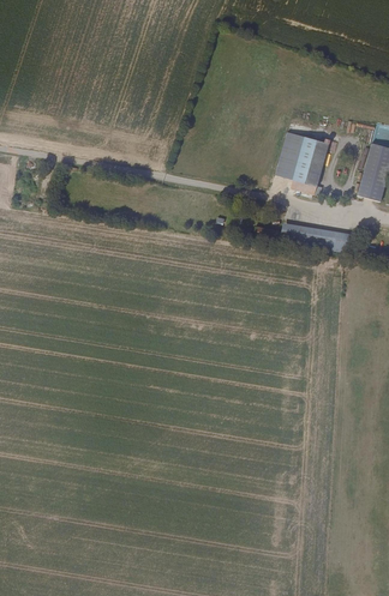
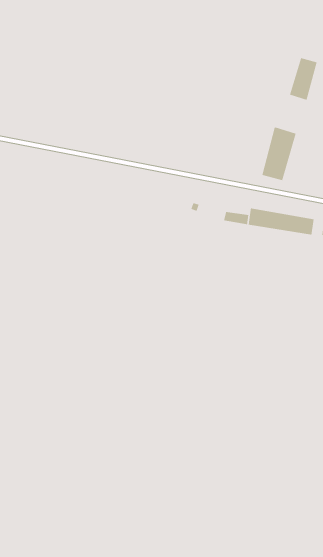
building: [275,133,305,179] -> [289,58,317,100]

